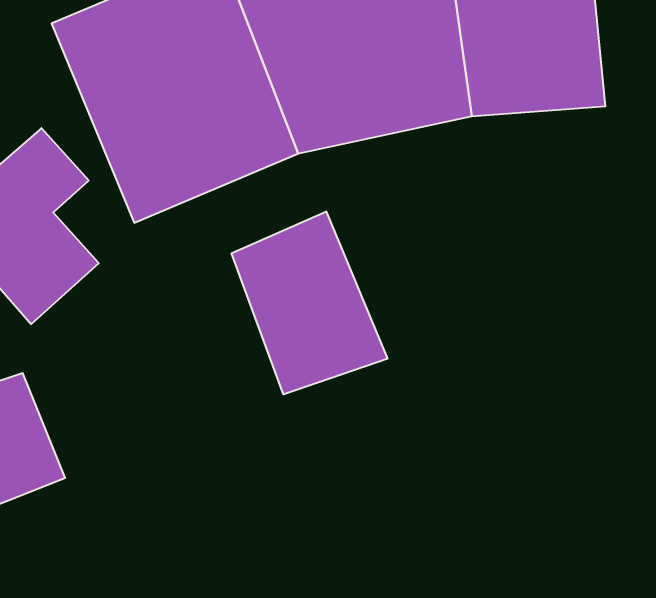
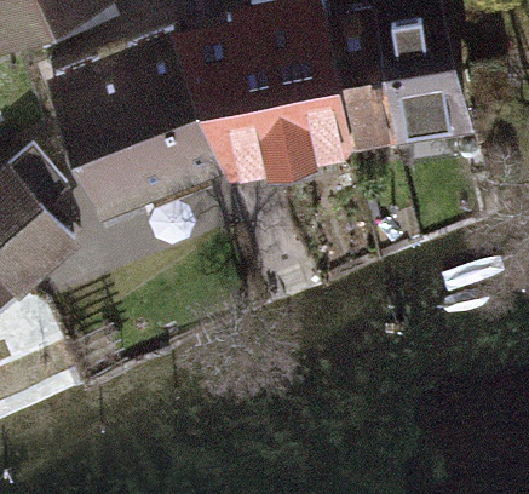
building: [232,211,387,394] -> none

